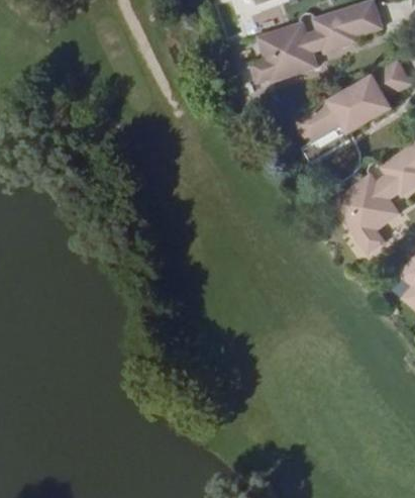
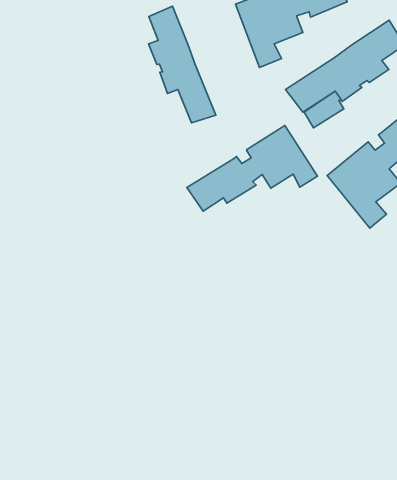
building: none -> [148,6,216,123]
building: none -> [187,126,317,211]

